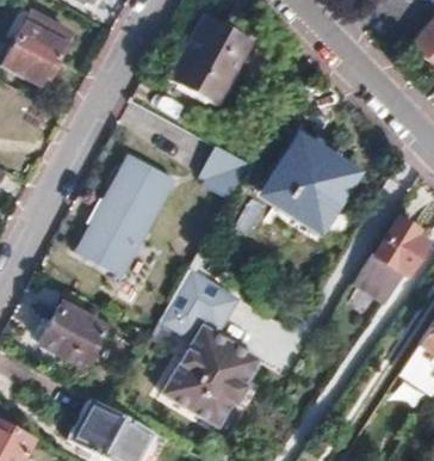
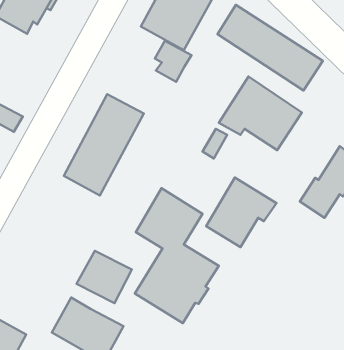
building: none -> [217,5,323,90]
building: [207,149,250,197] -> [155,41,192,82]
building: none -> [206,178,276,247]
building: [38,305,103,365] -> [76,251,132,303]

